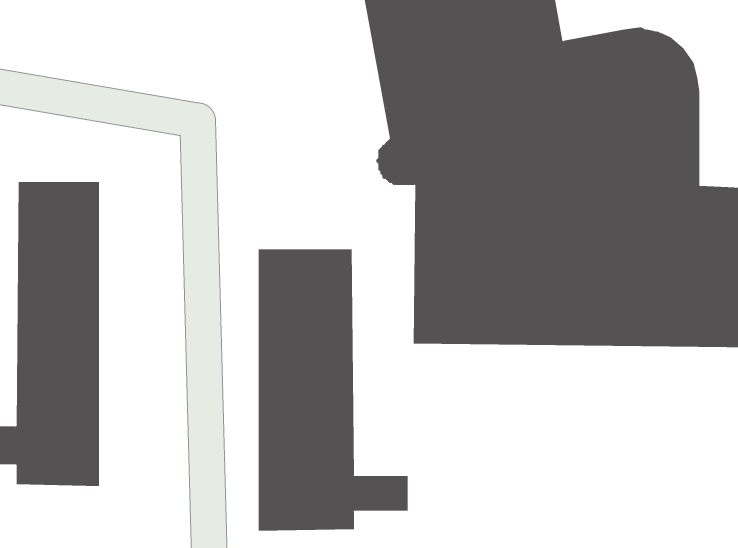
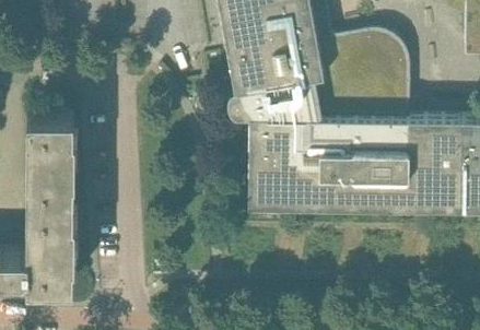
building: [258,248,408,532] -> none

